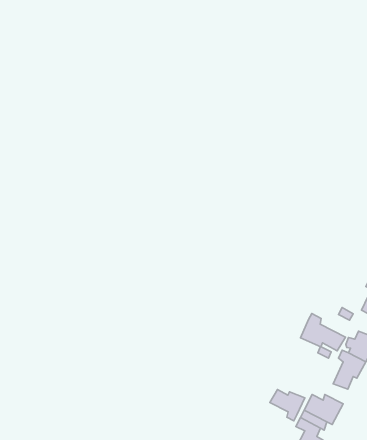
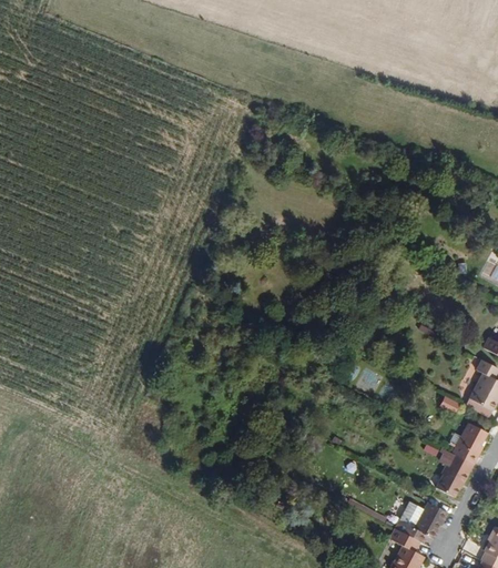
building: [300,313,345,351] -> none
building: [270,390,305,421] -> none

